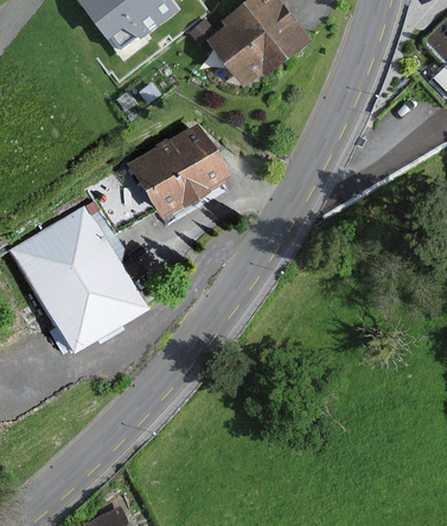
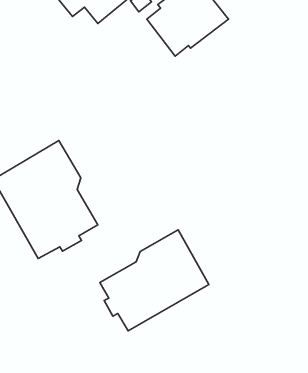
building: [123,122,225,218] -> none
building: none -> [100,230,209,331]

